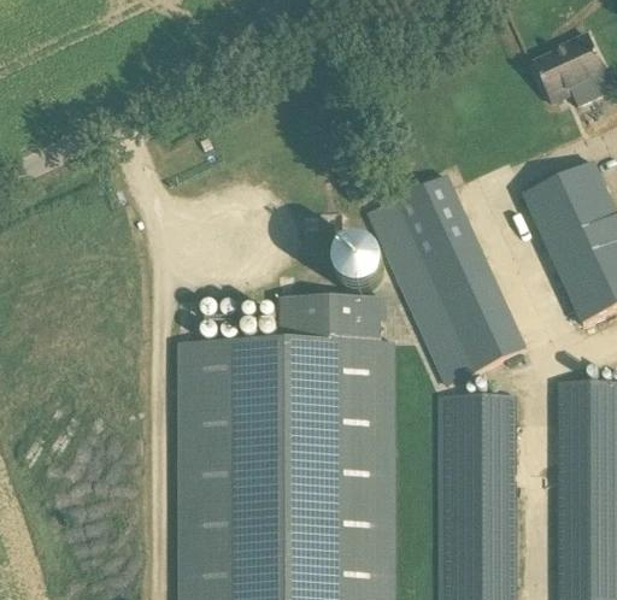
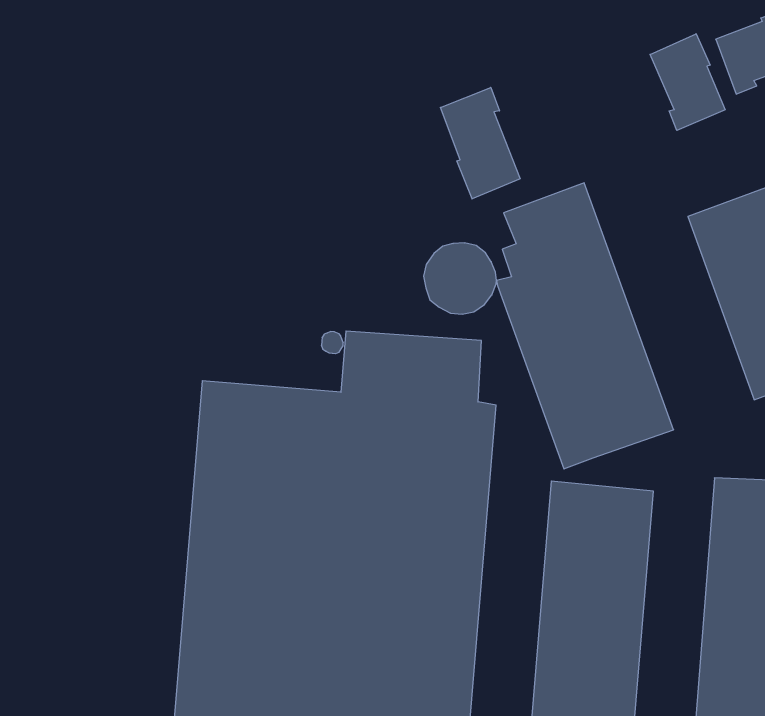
building: none -> [650,34,725,130]
building: none -> [440,87,520,199]

